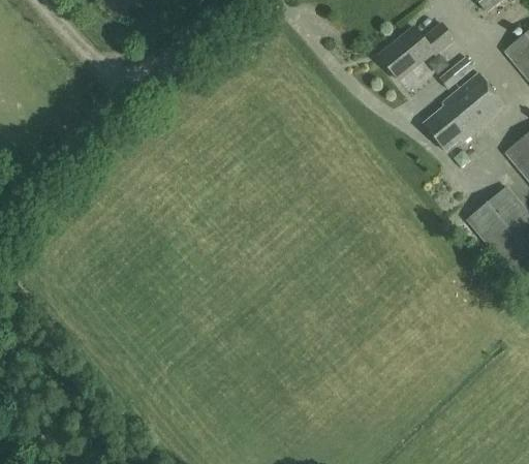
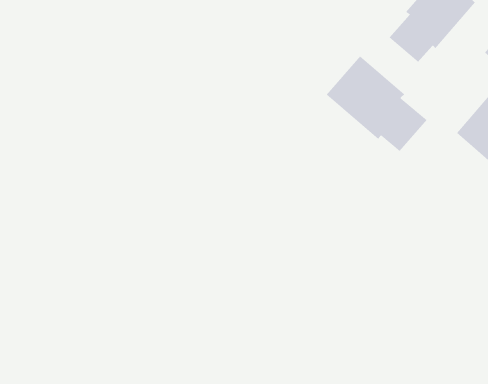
building: none -> [326,56,427,152]

